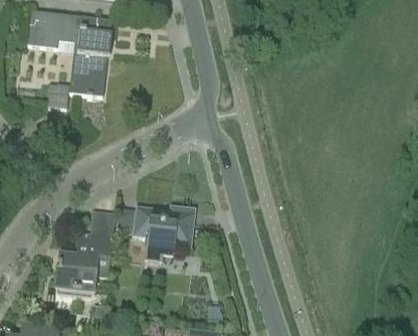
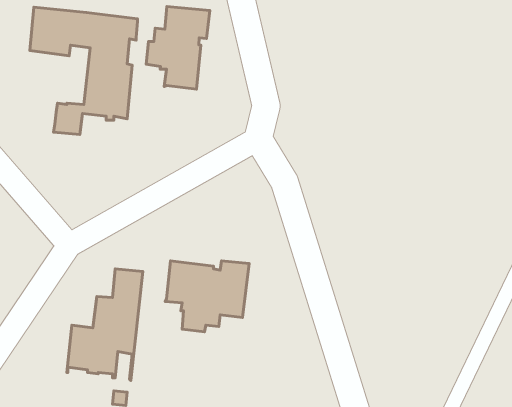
building: none -> [146,7,210,89]

